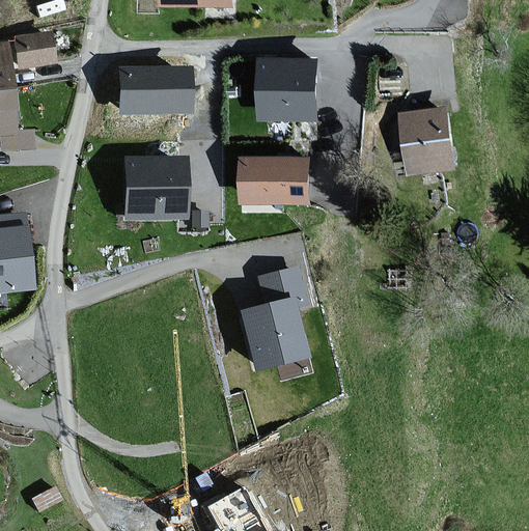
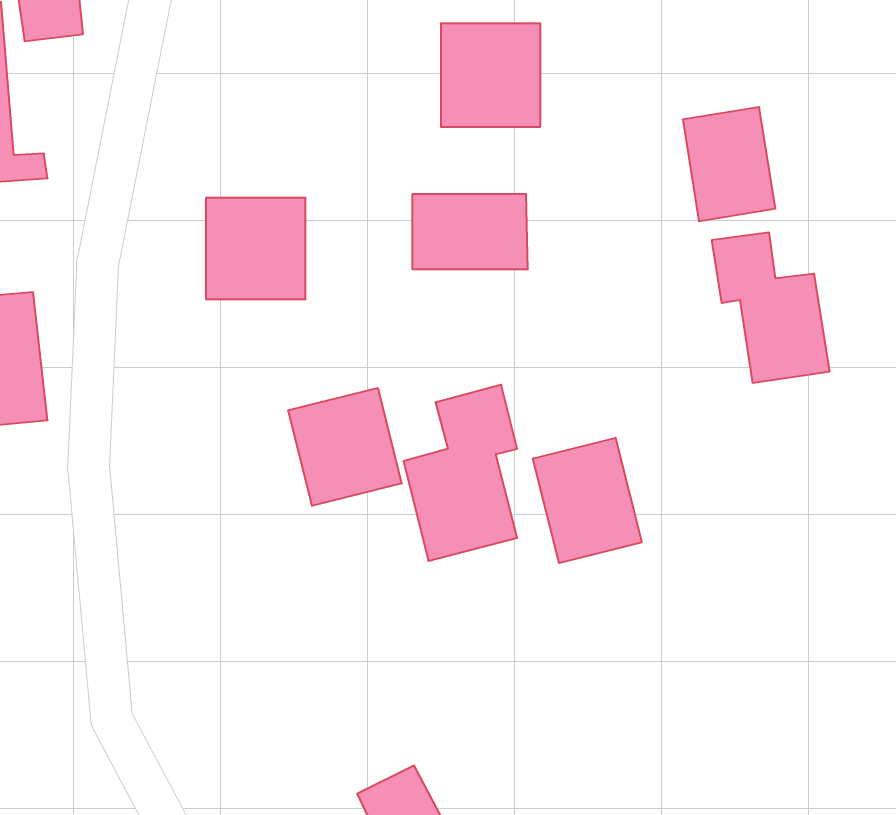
building: [117,69,186,114] -> none
building: none -> [712,232,829,383]
building: none -> [288,388,402,506]
building: none -> [533,438,642,563]

